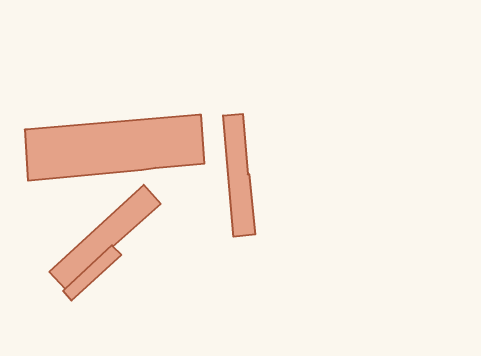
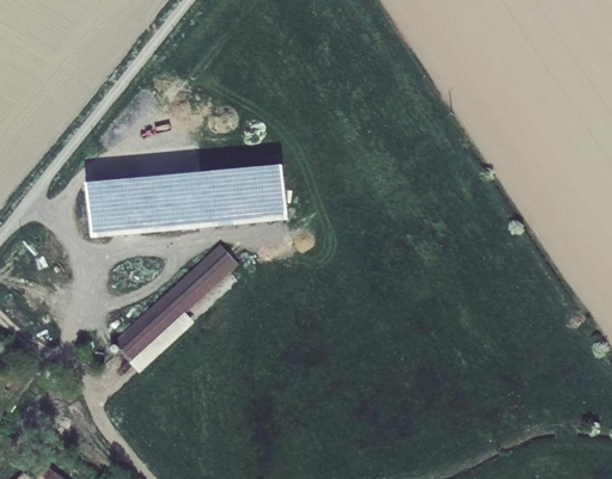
building: [223,114,255,237] -> none

